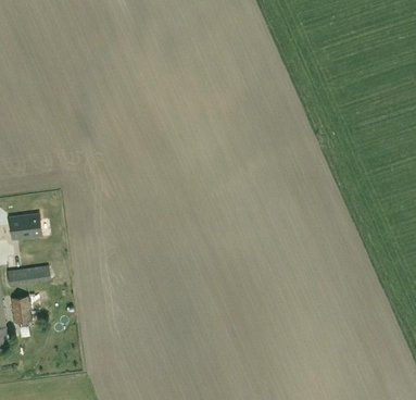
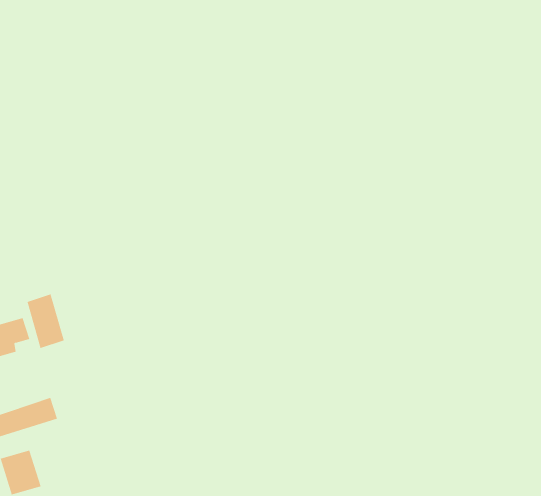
building: none -> [27,293,64,349]

